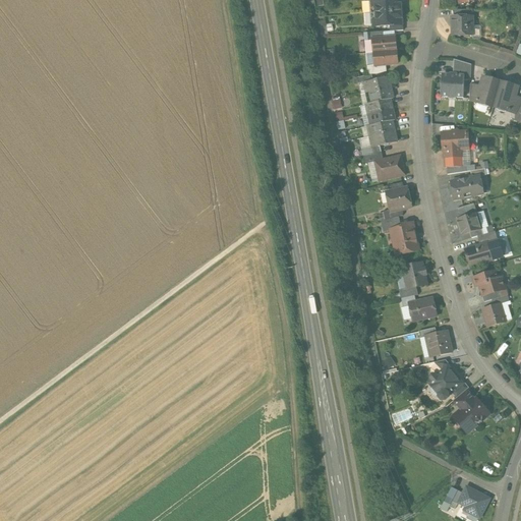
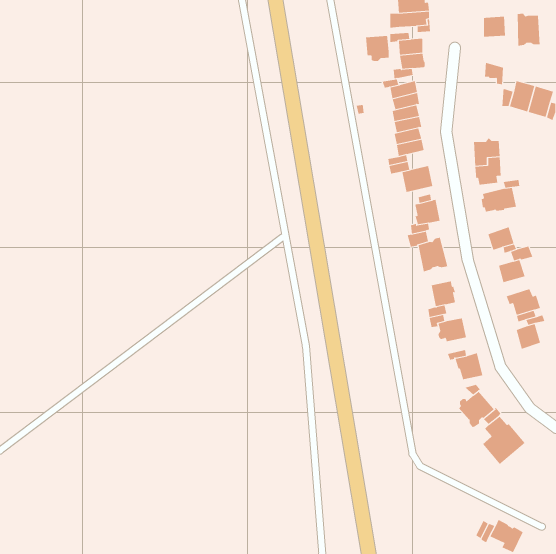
building: none -> [517,13,540,46]
building: none -> [366,35,389,62]
building: [441,72,464,97] -> none

